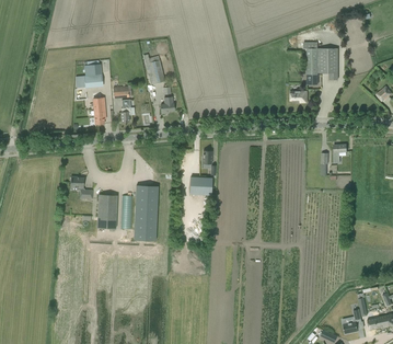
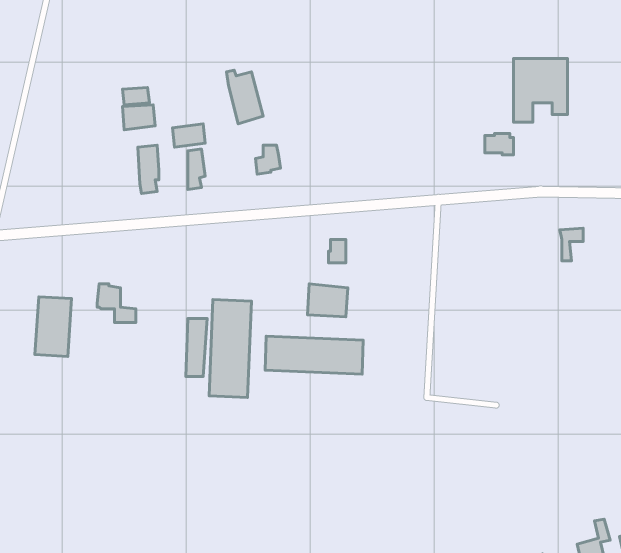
building: [96,195,117,229] -> [35,297,72,356]
building: none -> [265,336,363,374]

